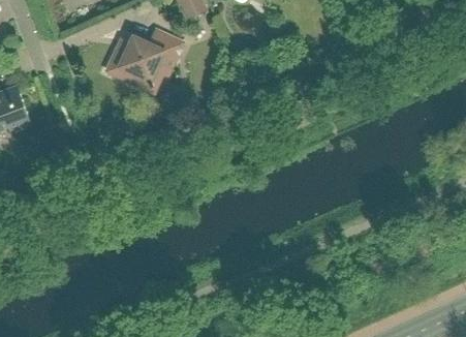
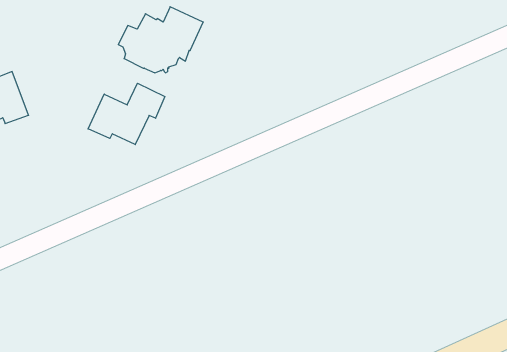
building: none -> [88,83,165,145]

